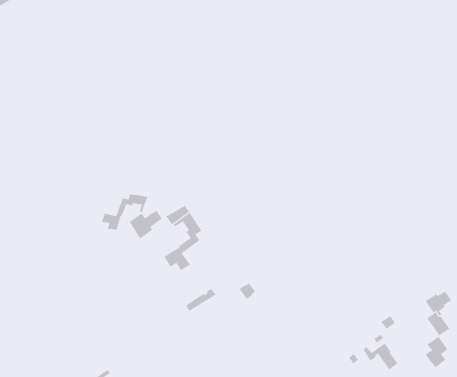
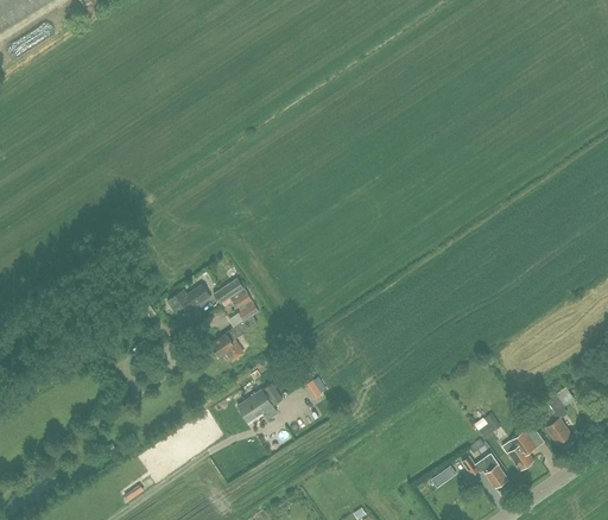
building: [102,193,148,230] -> none
building: none -> [242,392,281,423]
building: [425,336,448,368] -> [506,430,536,470]

